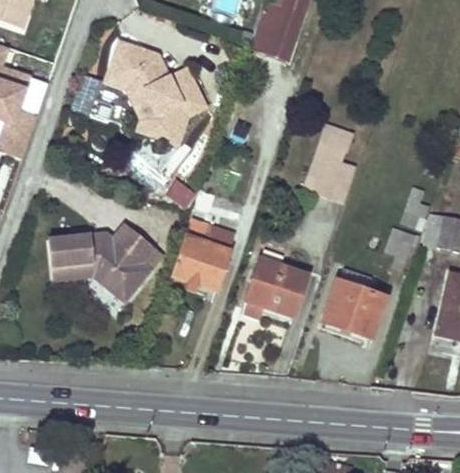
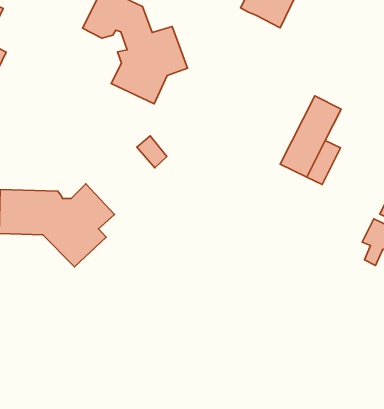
building: [171,221,236,285] -> none
building: [240,257,306,320] -> none
building: [323,266,384,335] -> none

